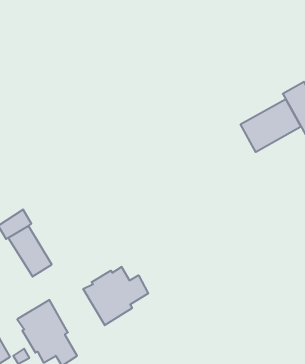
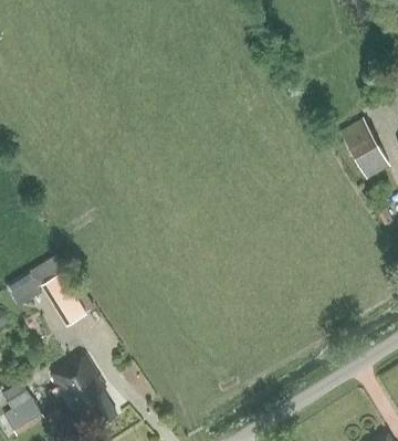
building: [241,99,301,152] -> none
building: [83,267,148,325] -> none

